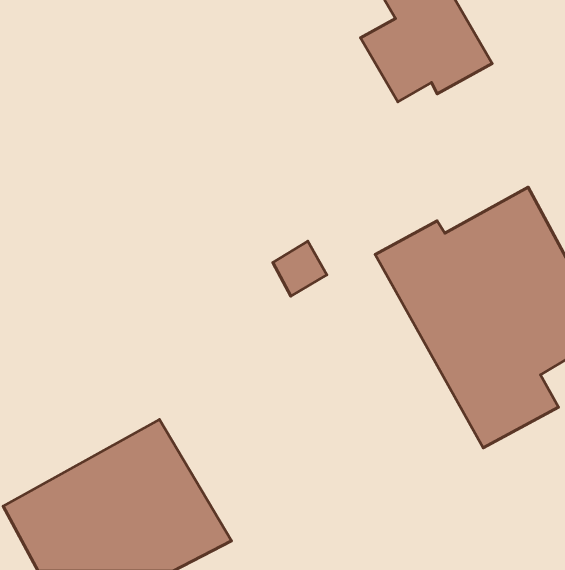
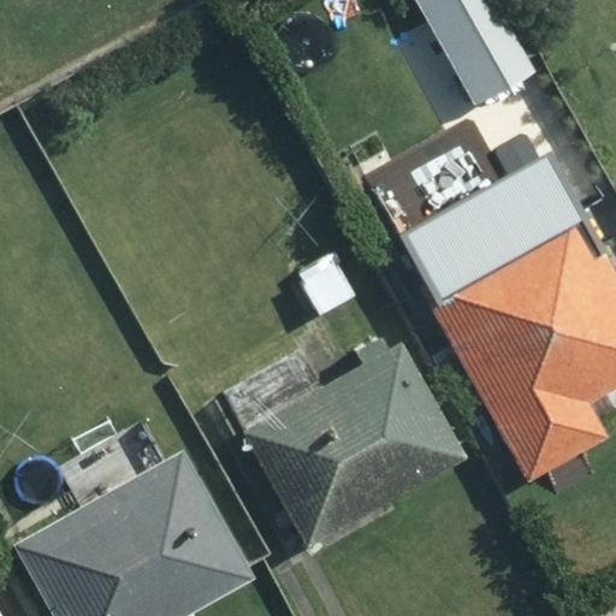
building: none -> [238,332,468,549]

